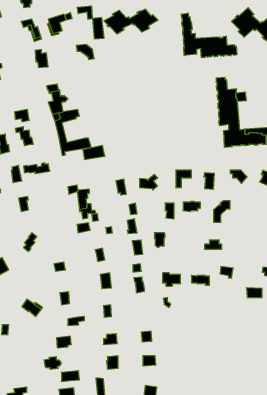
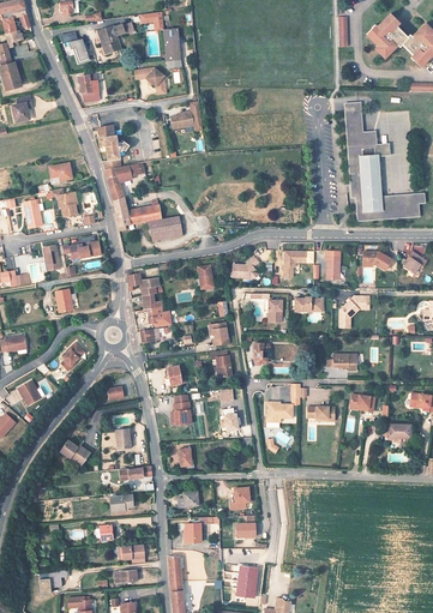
building: [104,9,158,34] -> none
building: [181,13,237,58] -> none
building: none -> [172,102,202,132]

